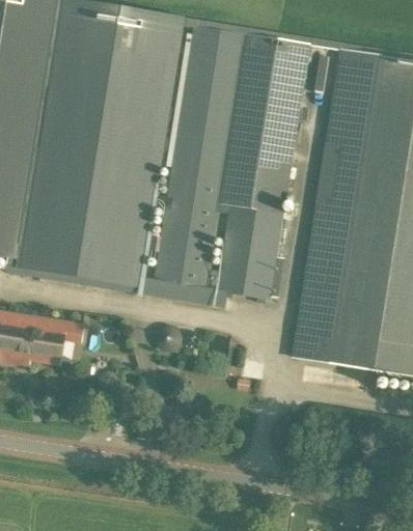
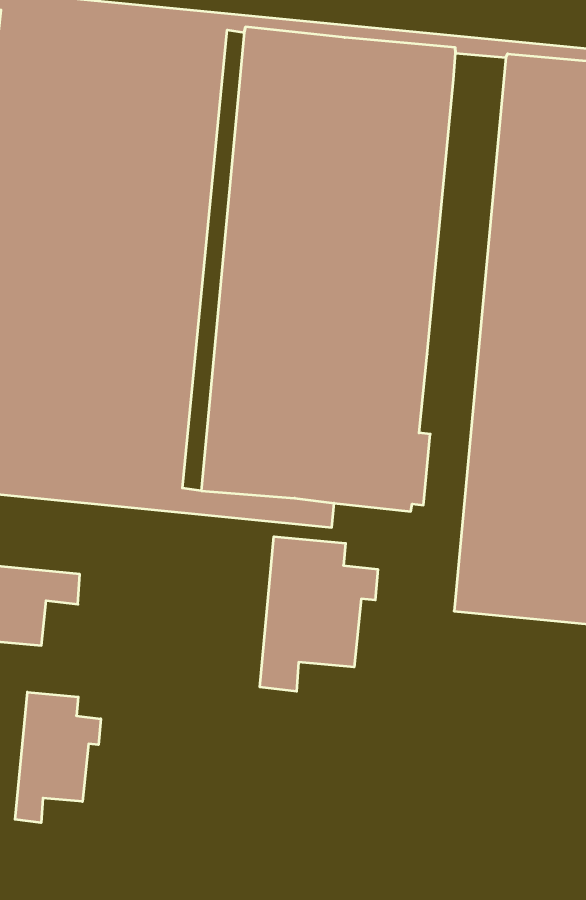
building: none -> [260,537,378,691]
building: none -> [15,692,101,823]

